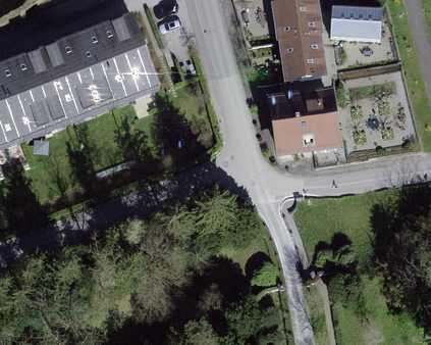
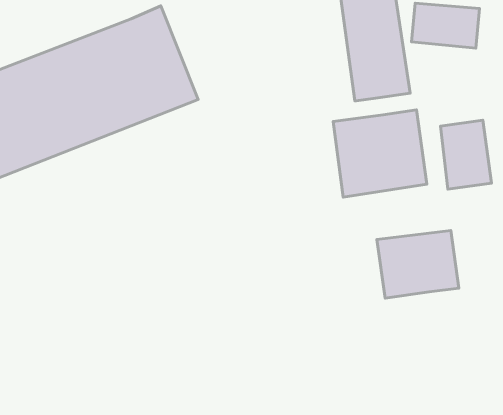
building: none -> [441,120,491,189]
building: none -> [377,230,459,298]

